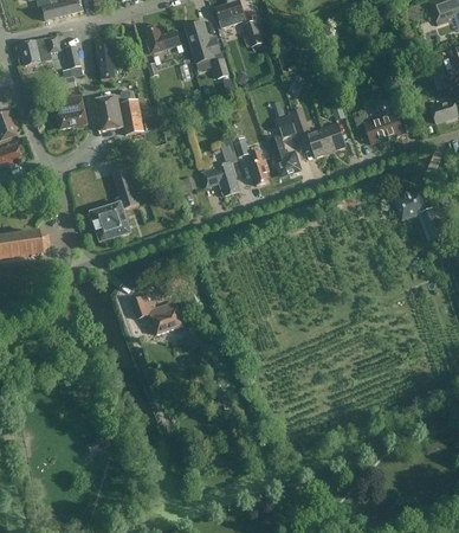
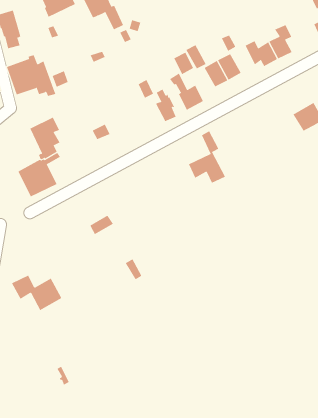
building: [201,139,239,195] -> [188,131,226,184]
building: [130,294,182,334] -> [11,275,62,311]

